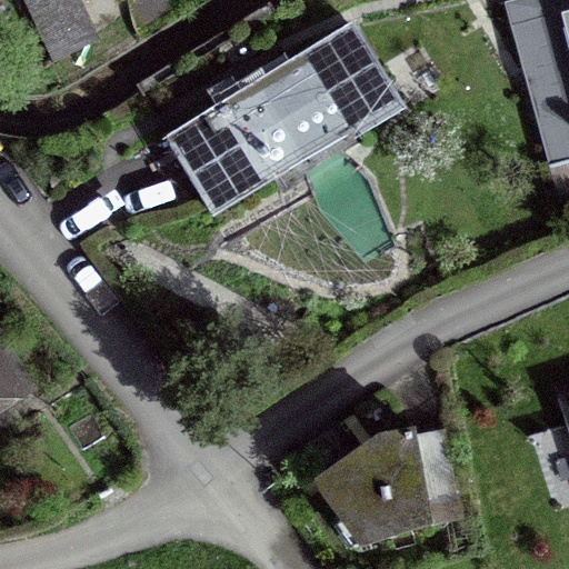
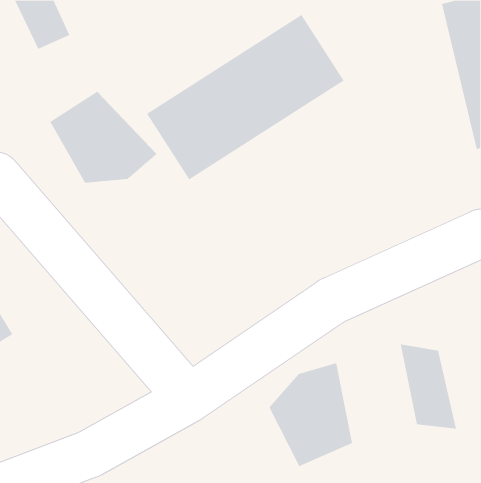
building: none -> [49,91,158,184]
building: [395,427,461,527] -> [400,344,457,429]

